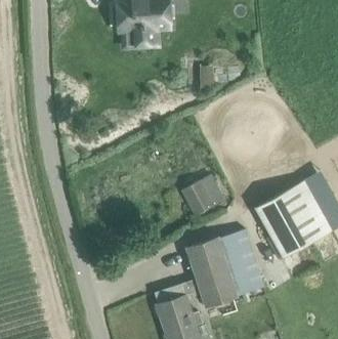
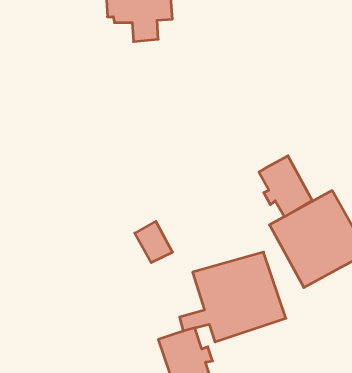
building: none -> [259,156,312,217]
building: [181,179,214,215] -> [135,221,173,263]

